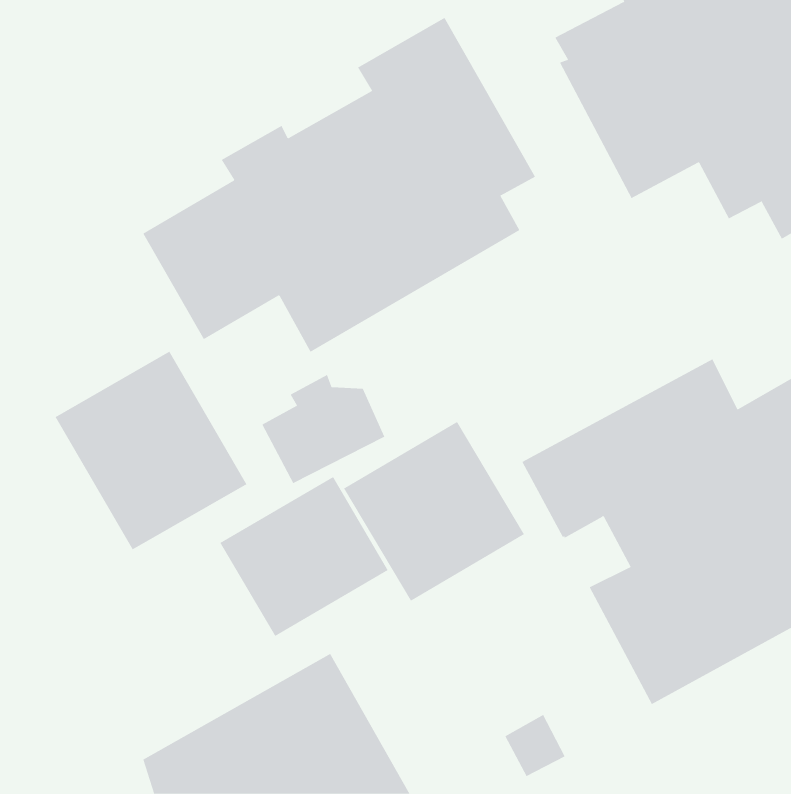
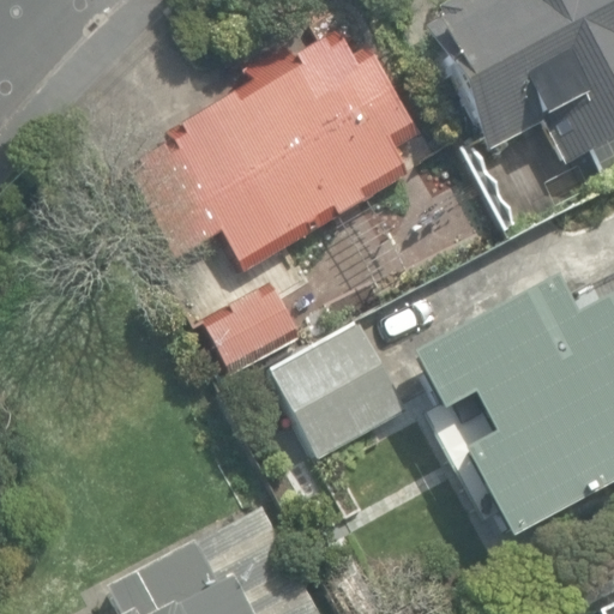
building: [55,351,247,550] -> none
building: [219,476,389,637] -> none

